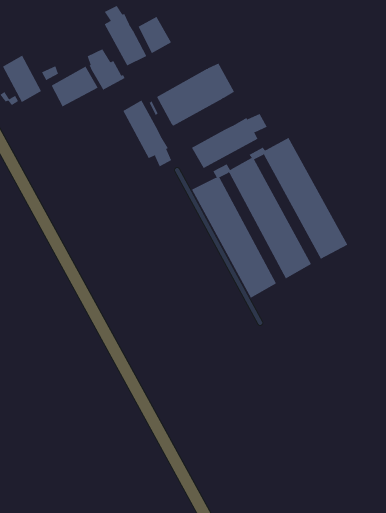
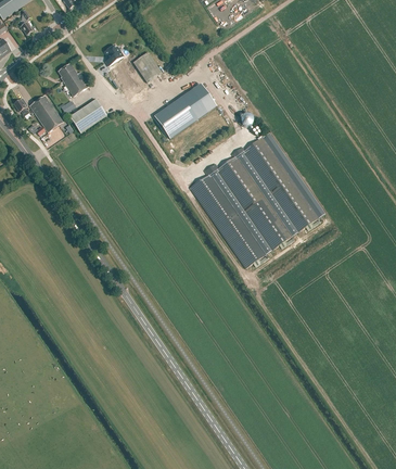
building: [87,48,125,91] -> [59,63,91,97]
building: [123,99,172,167] -> none
building: [191,113,268,169] -> none

